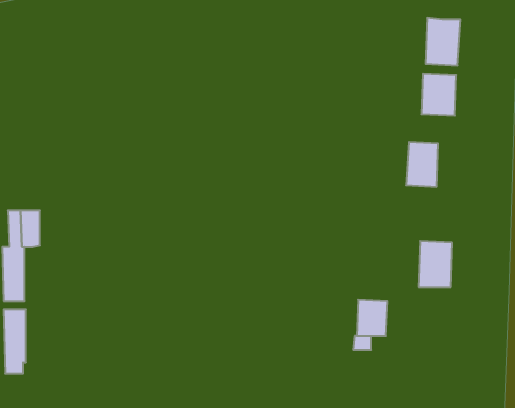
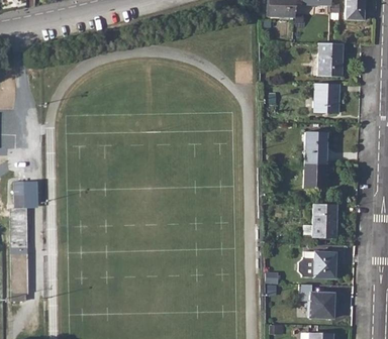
building: none -> [304,163,326,189]
building: [357,300,387,336] -> [314,251,336,277]
building: none -> [310,292,334,318]

